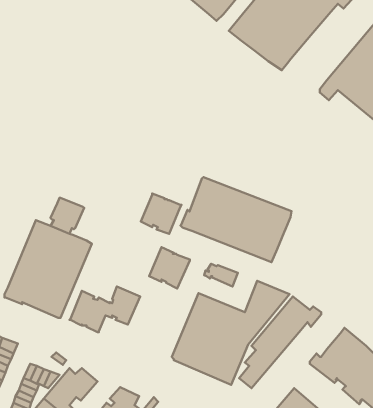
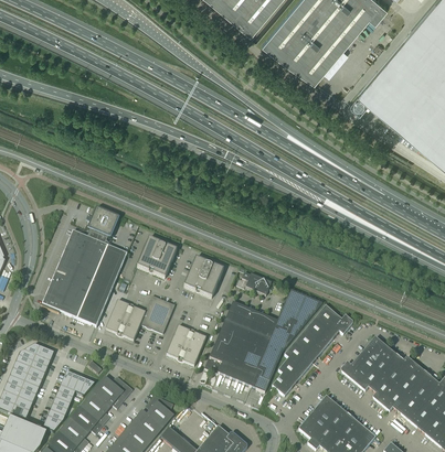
building: [180,177,291,262] -> none
building: [141,194,181,234] -> [137,237,177,277]
building: none -> [166,324,205,365]

